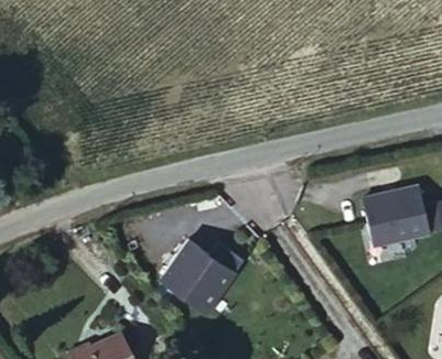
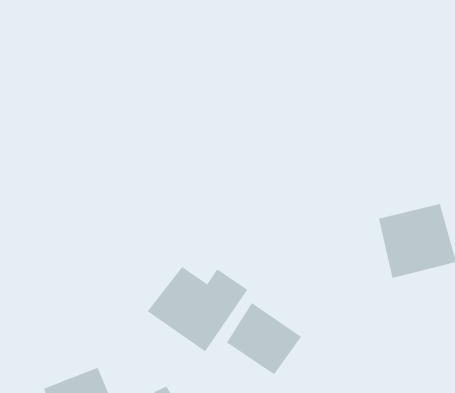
building: none -> [226,302,302,375]

